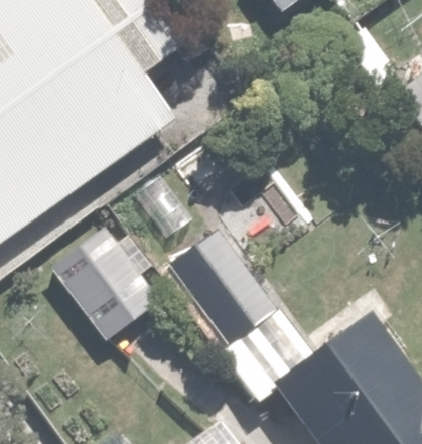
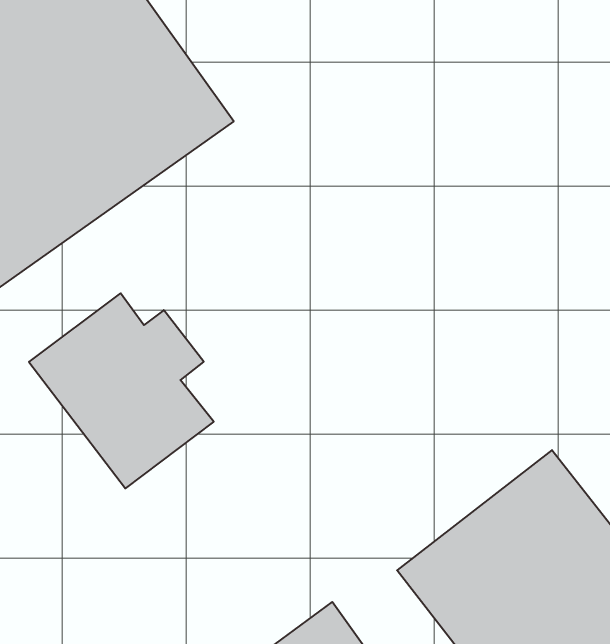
building: [170,231,311,399] -> none

